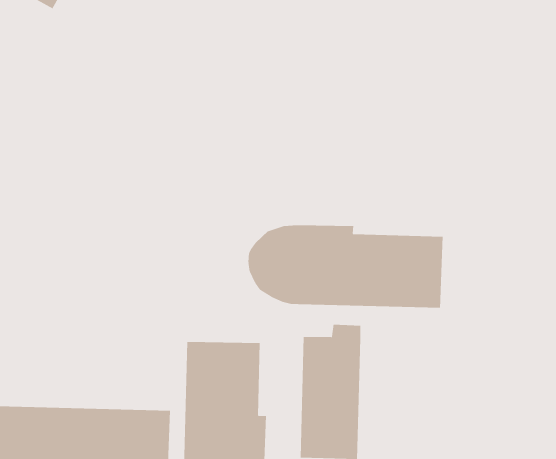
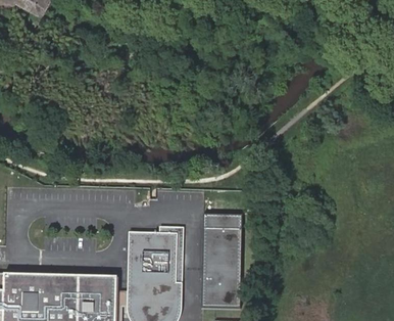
building: [248,224,443,309] -> none

